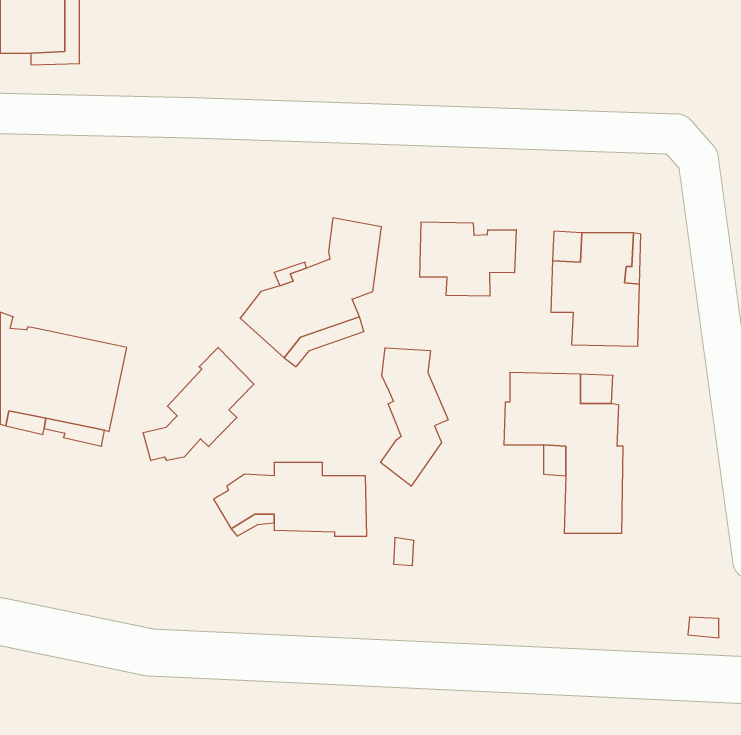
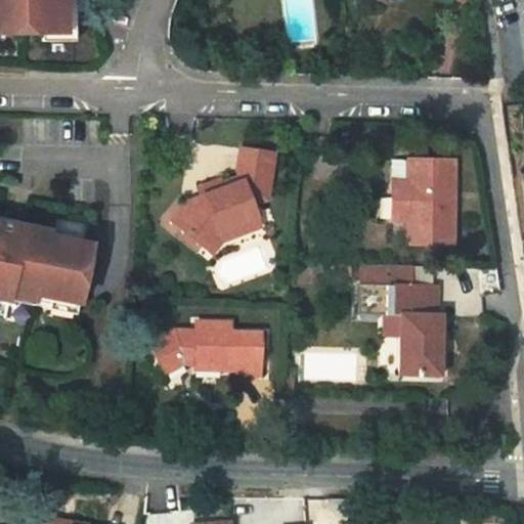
building: [420,222,516,296] -> none
building: [143,347,254,461] -> none
building: [380,348,448,486] -> none

